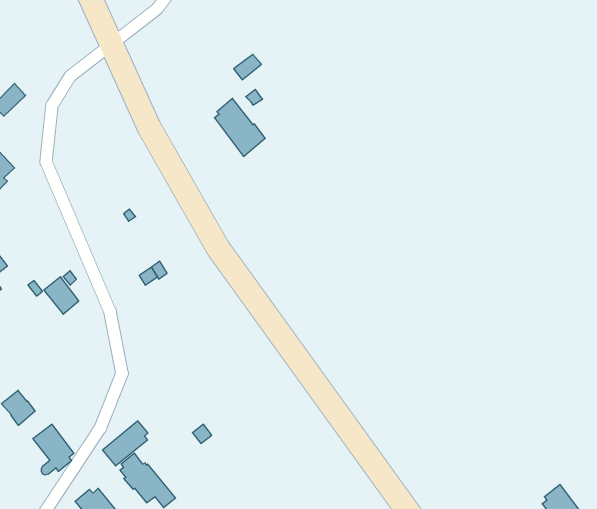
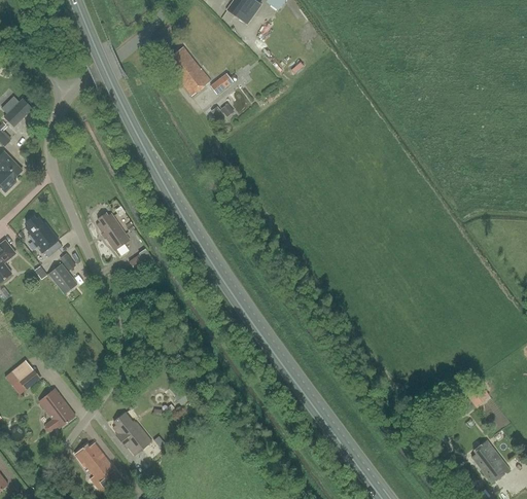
building: [214,98,265,156] -> [167,46,210,96]
building: none -> [96,212,130,250]
building: none -> [26,216,62,256]
building: [103,421,148,466] -> none

